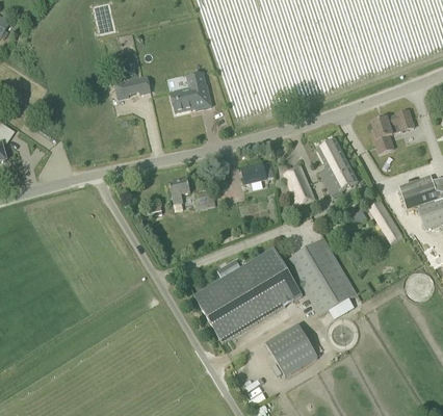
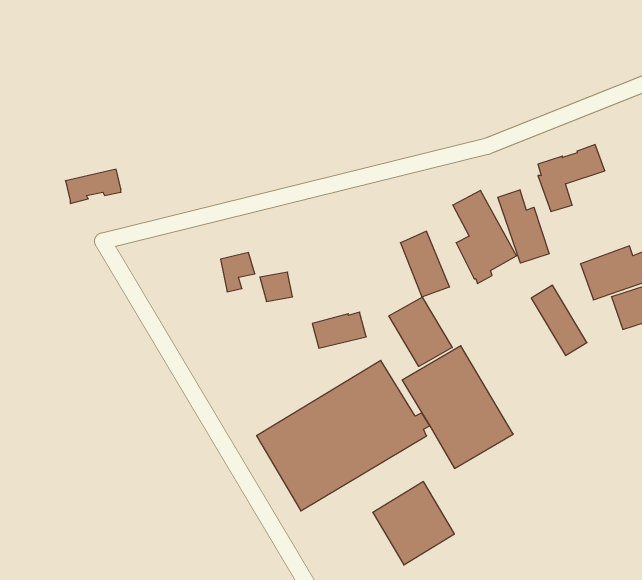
building: [171,72,212,112] -> none
building: [114,76,150,98] -> [65,169,121,204]
building: none -> [498,190,549,263]
building: [240,160,275,183] -> [312,312,366,348]
building: none -> [389,297,452,366]

